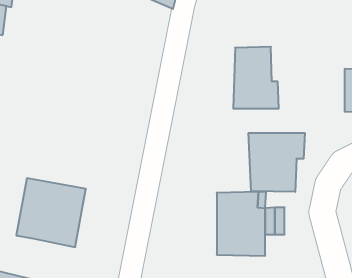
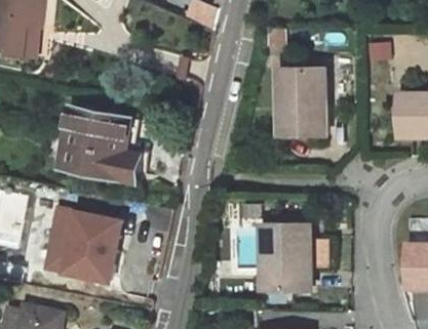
building: none -> [60,106,141,180]
building: [249,133,305,192] -> none

